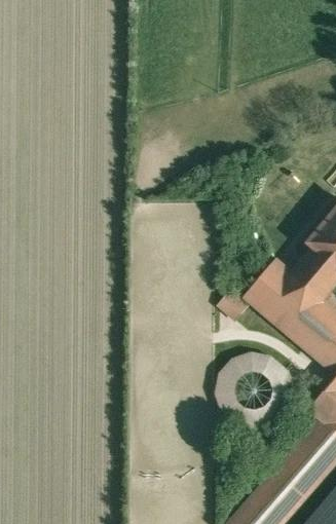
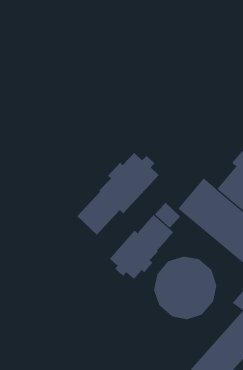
building: none -> [76,152,159,236]
building: none -> [109,214,174,280]

